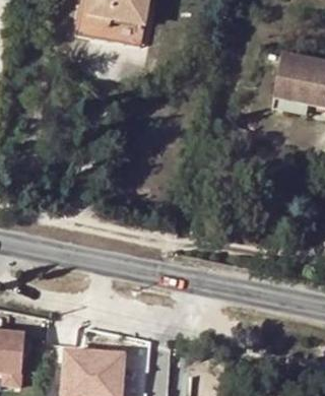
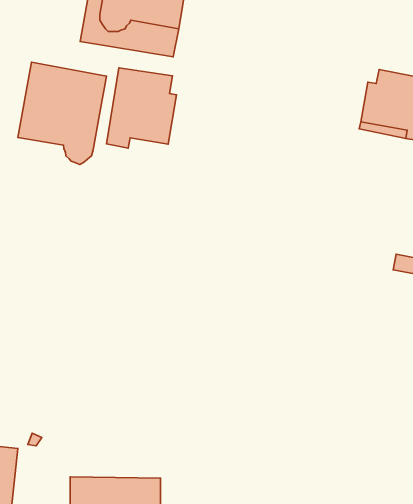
building: none -> [18,62,107,165]
building: none -> [106,68,177,148]

